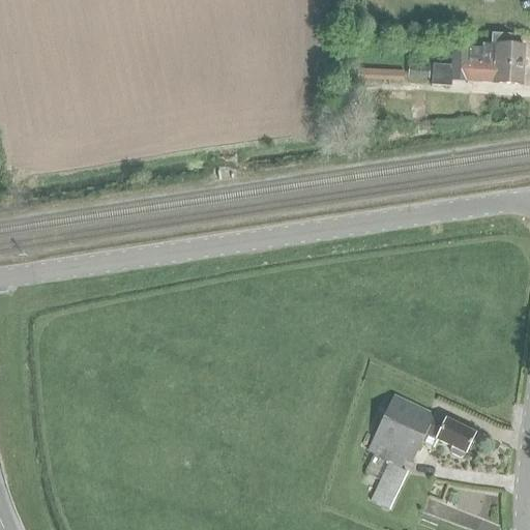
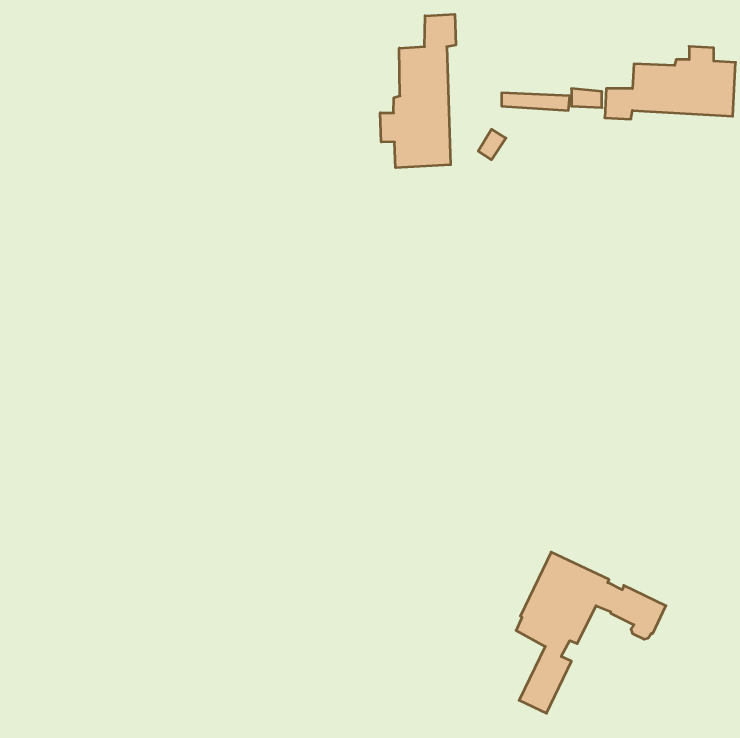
building: none -> [380,14,456,168]

